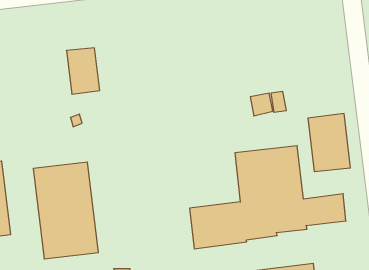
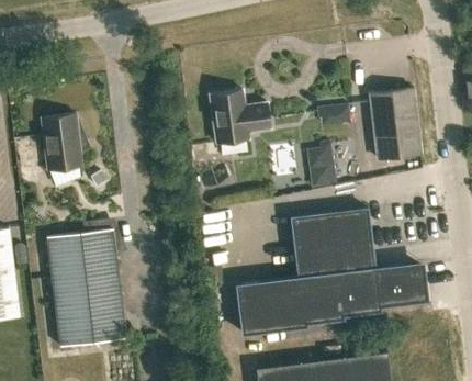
building: [66,48,100,94] -> [42,115,82,171]
building: none -> [210,91,271,144]
building: [308,114,350,172] -> [370,89,422,159]

